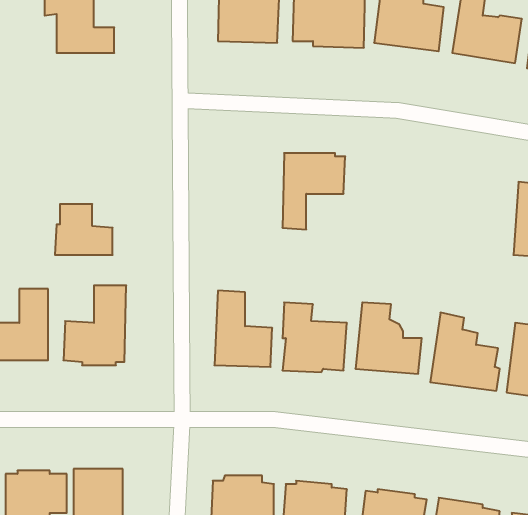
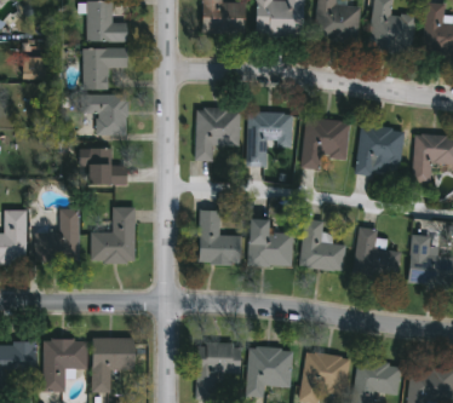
building: none -> [81,47,124,88]
building: none -> [80,93,126,136]
building: none -> [193,105,240,161]
building: none -> [299,116,349,168]
building: none -> [354,123,402,174]

